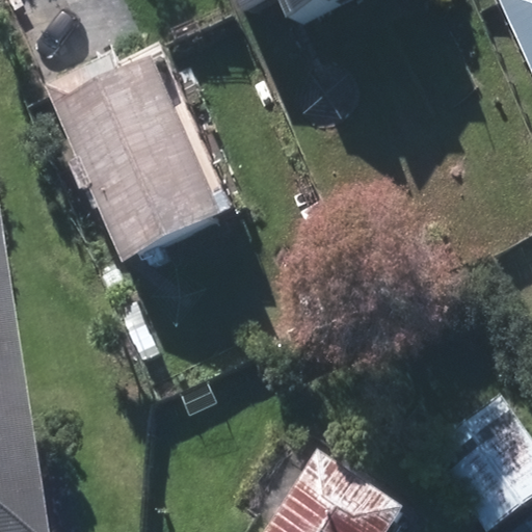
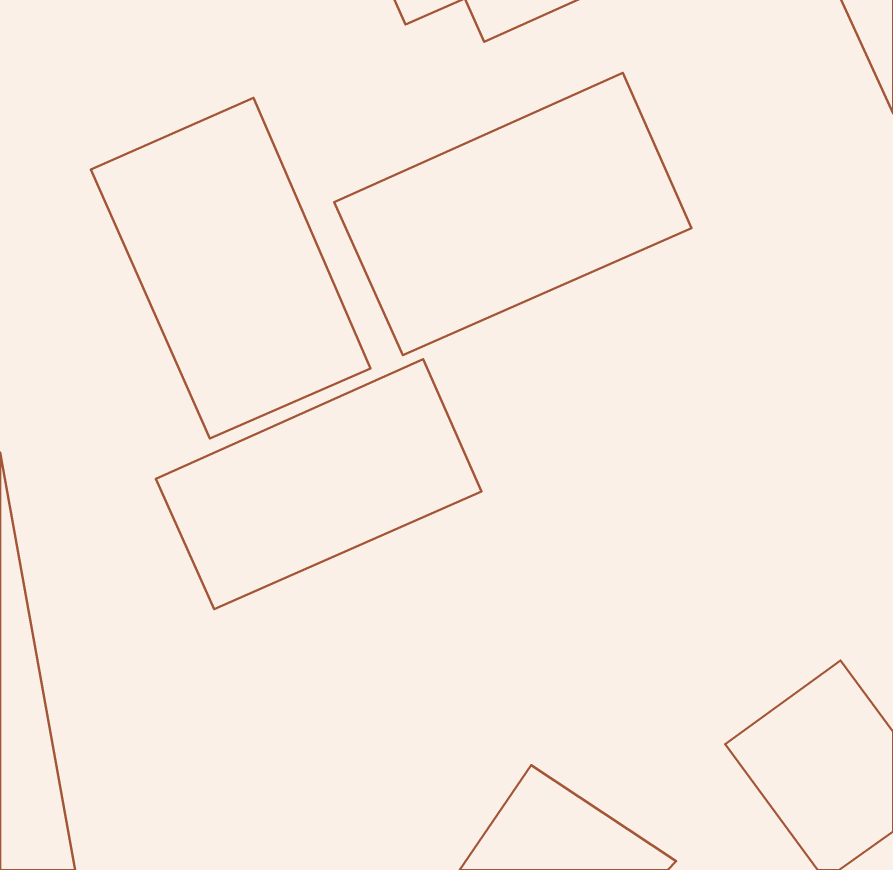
building: none -> [334,73,691,355]
building: none -> [156,359,481,609]

